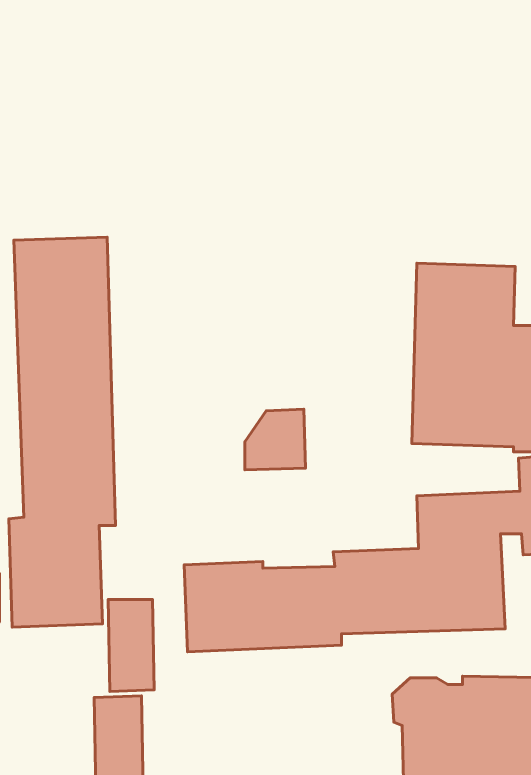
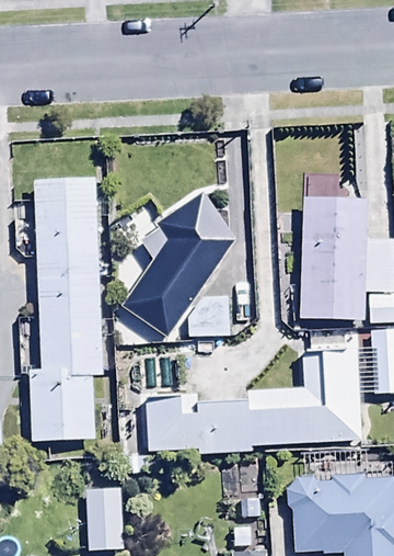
building: none -> [123,192,237,337]
building: [108,599,154,691] -> none

